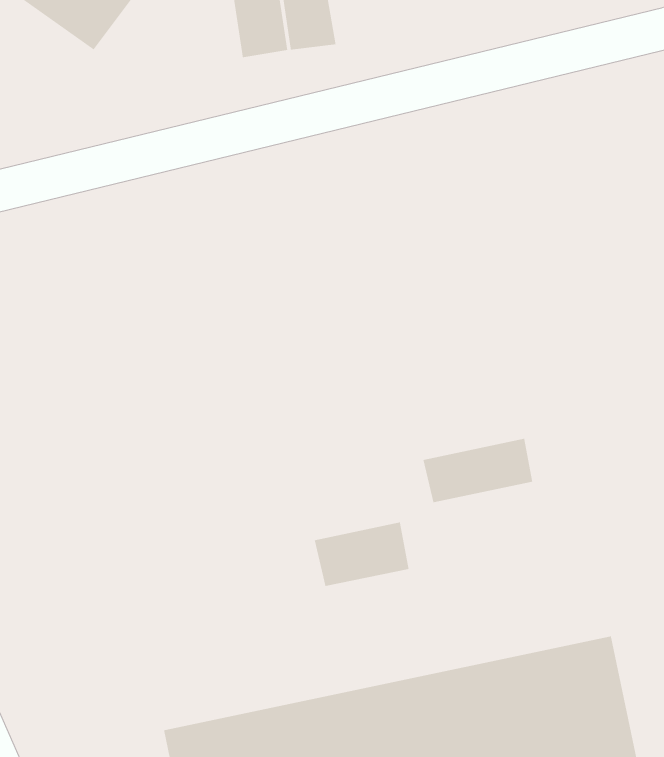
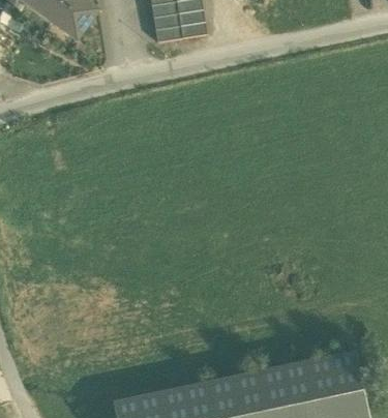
building: [422,438,533,503] -> none
building: [314,522,410,587] -> none

